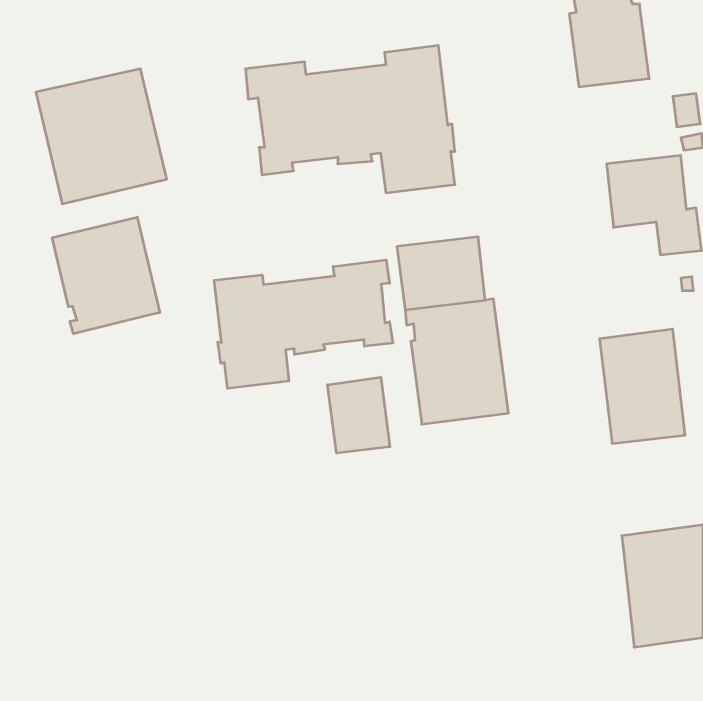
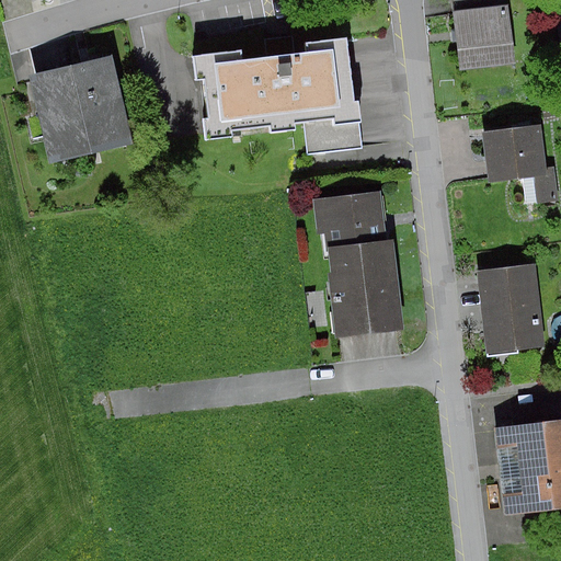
building: [52,217,160,334] -> none
building: [214,260,393,388] -> none
building: [328,377,390,453] -> none

